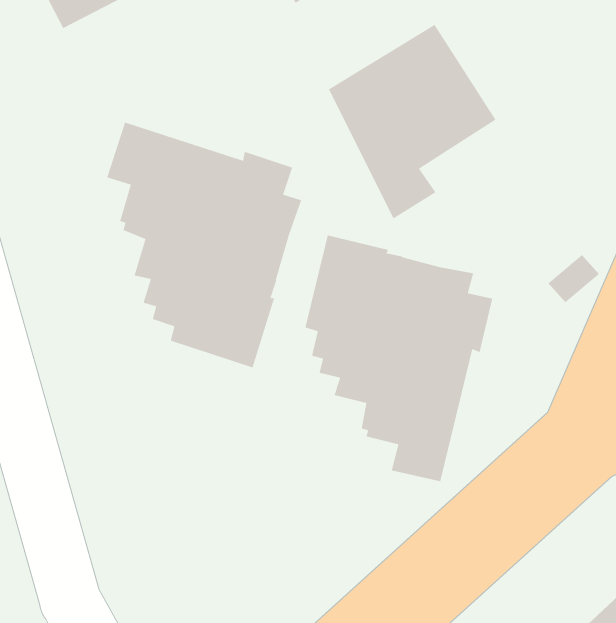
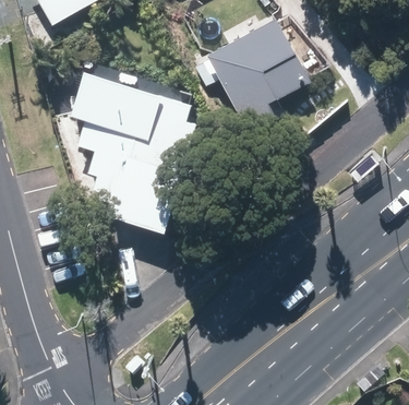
building: [305,234,493,482] -> none

